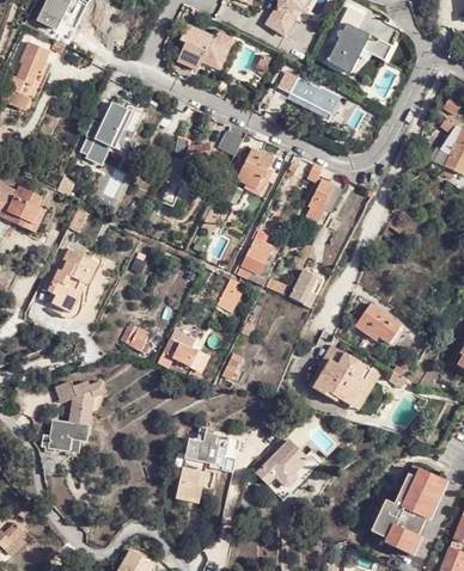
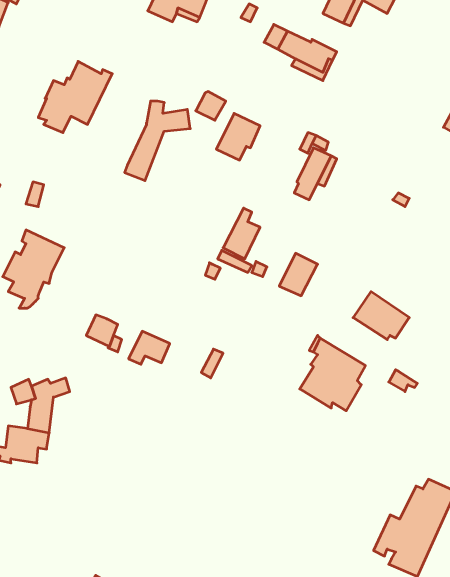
building: [176,438,238,502] -> none
building: [256,440,309,486] -> none

